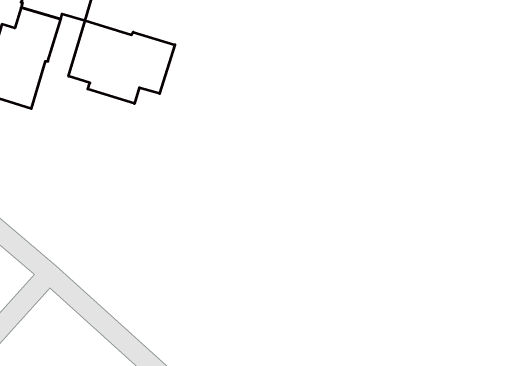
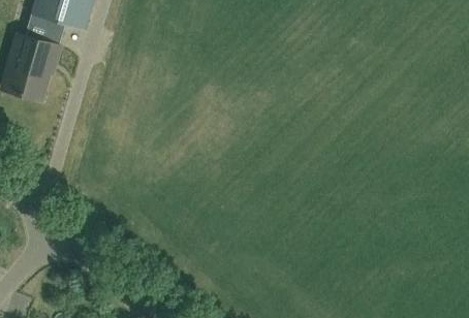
building: [69,20,175,104] -> none

